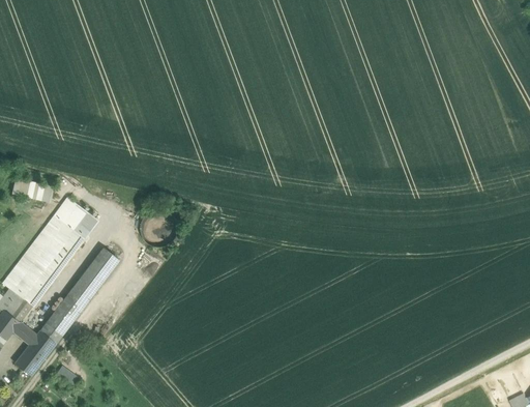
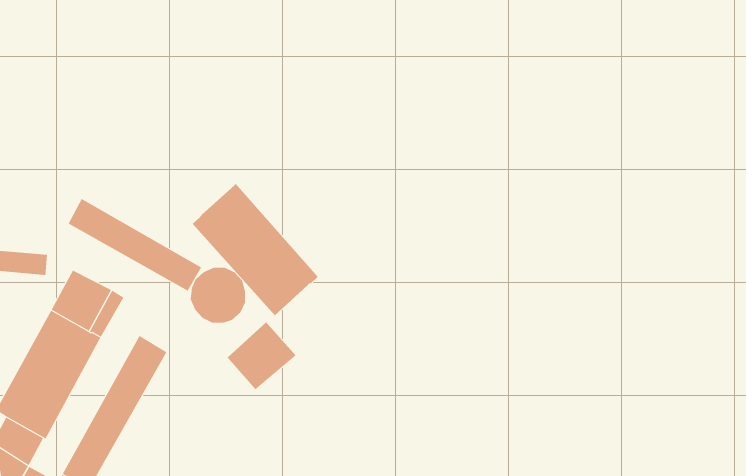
building: none -> [68,198,202,292]
building: none -> [192,183,318,316]
building: none -> [227,322,297,390]

